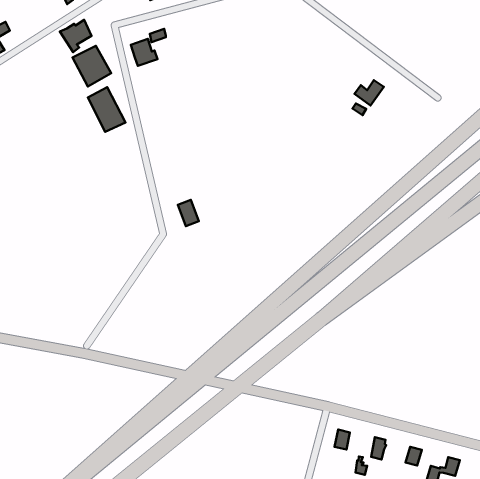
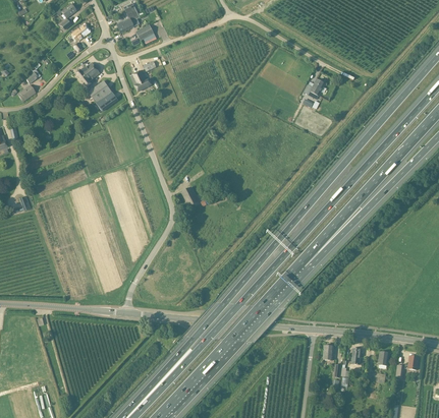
building: [88,87,125,132] -> none

